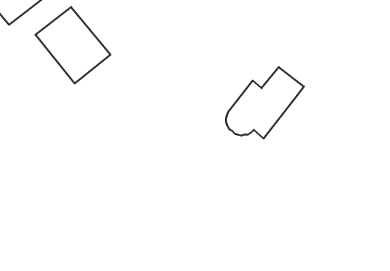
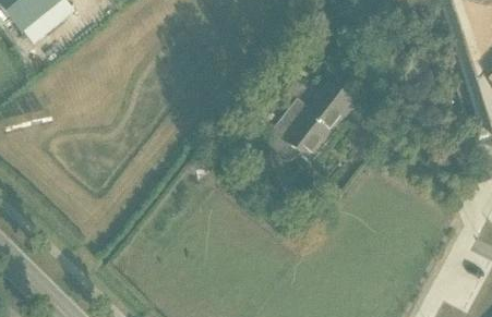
building: [35,7,110,83] -> none

